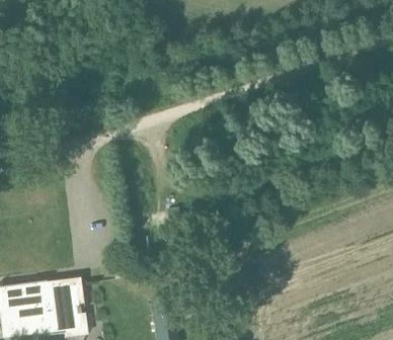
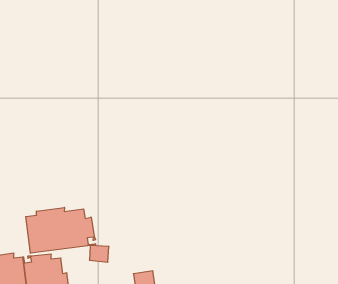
building: none -> [26,207,96,253]

